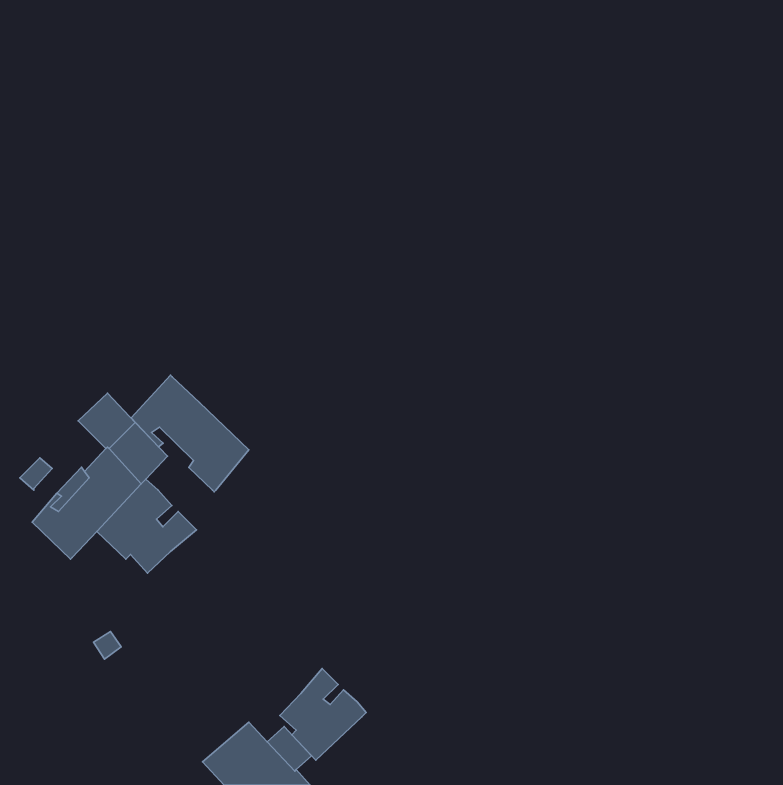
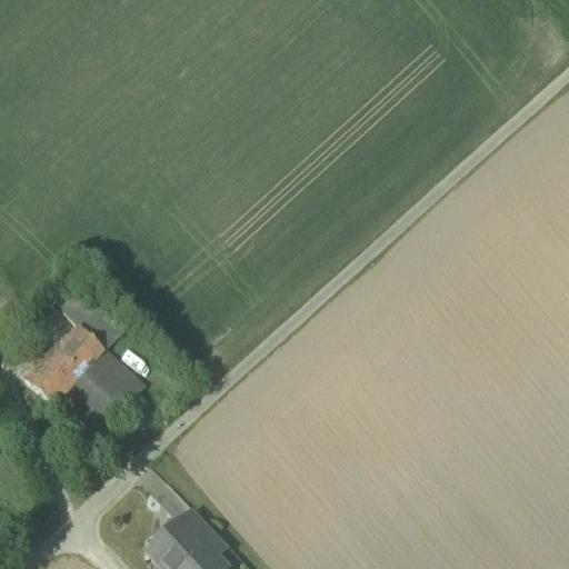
building: [131,375,249,492] -> none
building: [280,668,366,760] -> none

